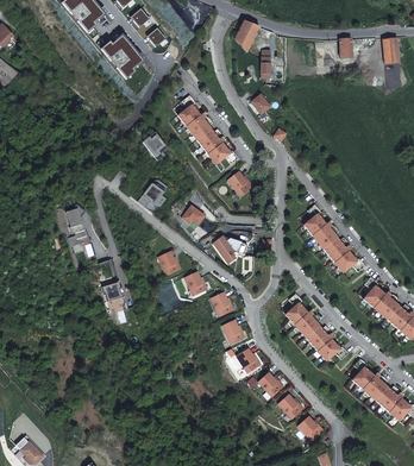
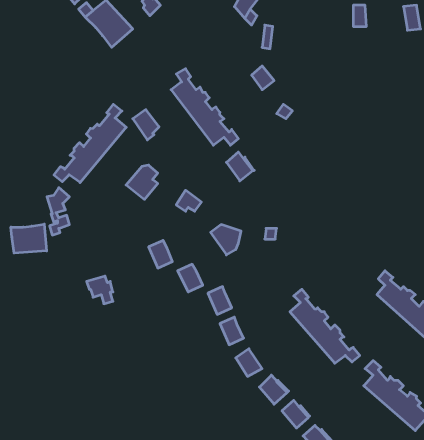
building: none -> [54,104,126,183]
building: [303,204,364,272] -> none
building: none -> [11,224,47,253]

